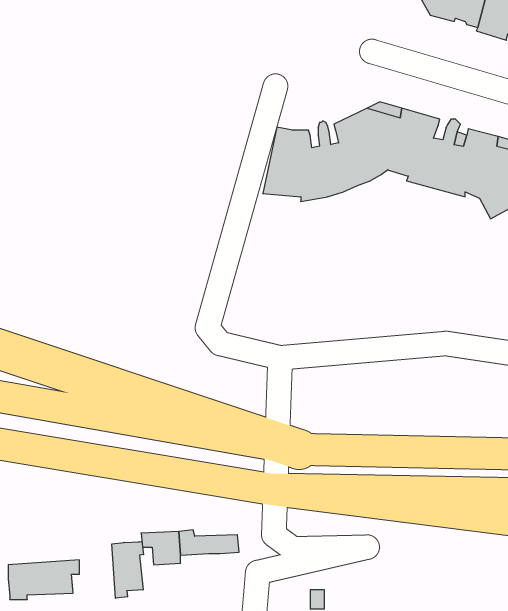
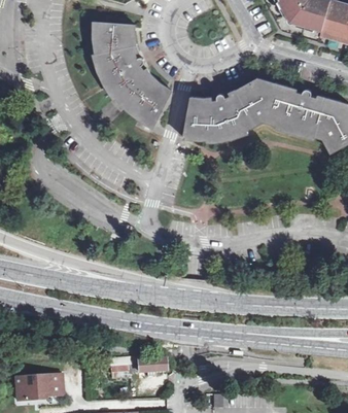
building: none -> [93,23,171,128]
building: [112,541,144,598] -> none

